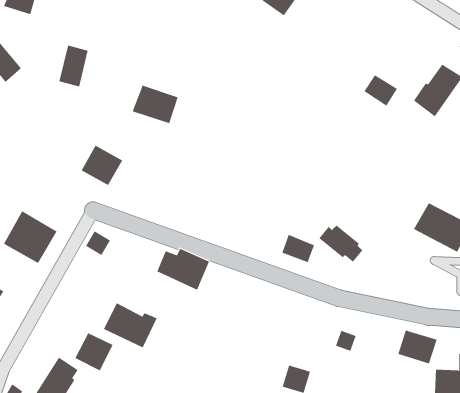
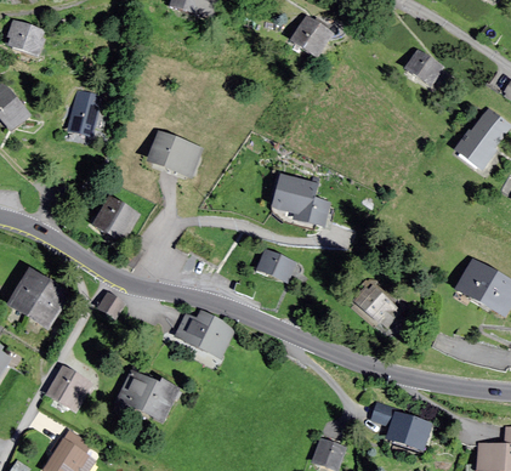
building: [363,74,398,107] -> [404,50,442,85]
building: none -> [273,175,328,223]
building: [281,234,315,263] -> [257,249,294,280]
building: [397,330,437,364] -> [386,412,430,449]
building: [74,332,113,371] -> [46,367,89,409]

